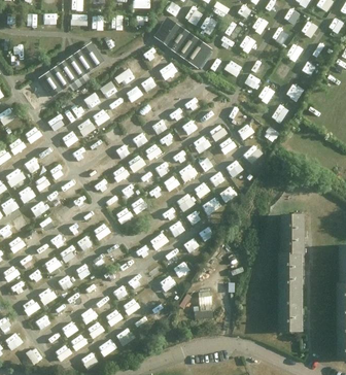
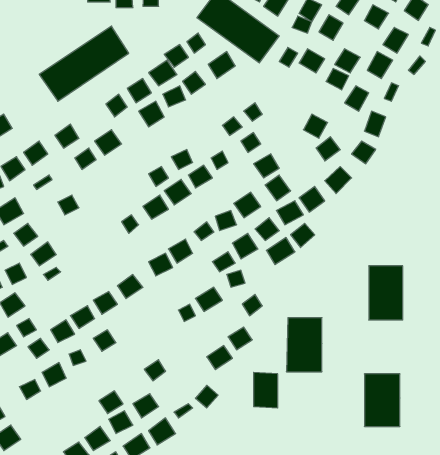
building: [275,254,301,294] -> [286,318,322,372]

